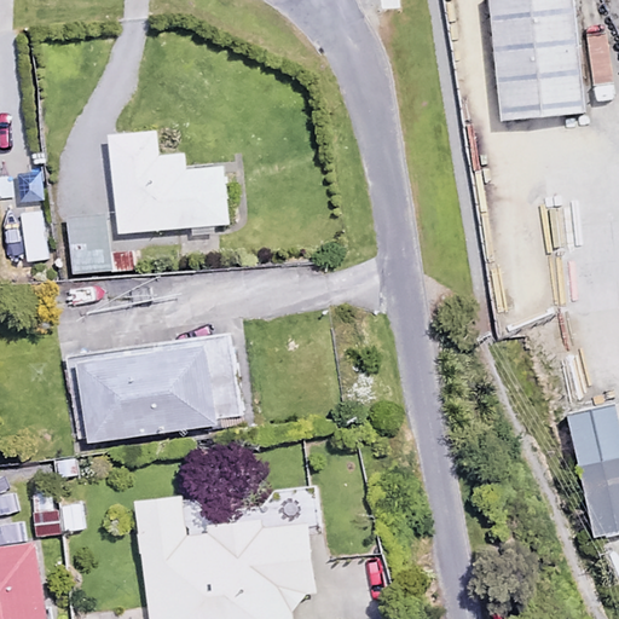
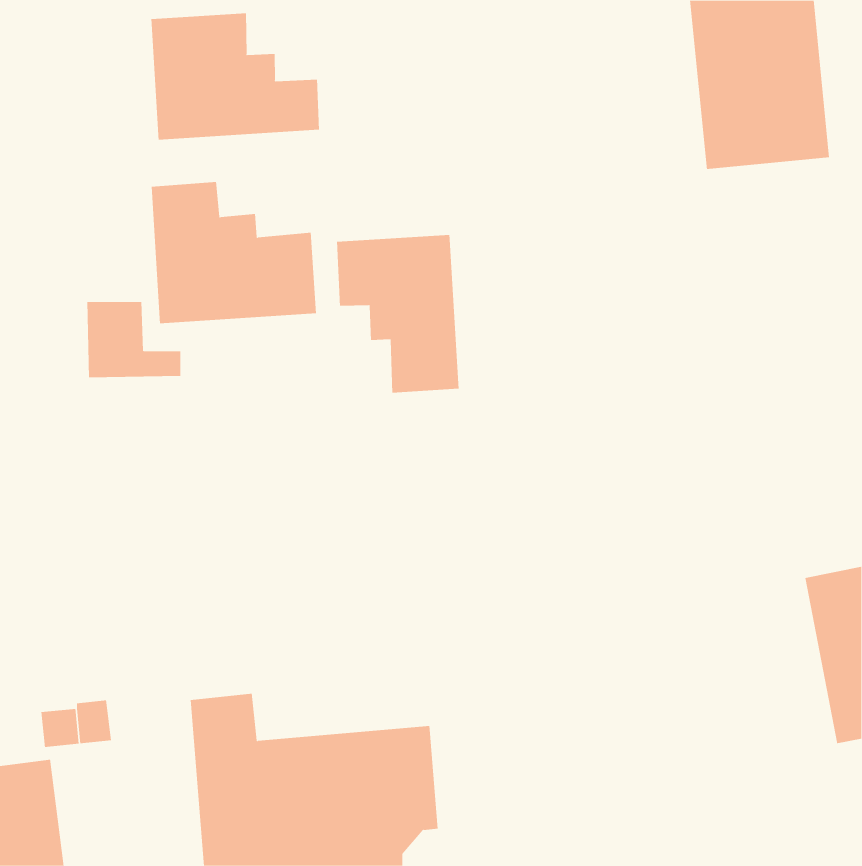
building: none -> [151,12,320,140]
building: none -> [336,234,459,393]
building: [75,341,237,439] -> none

